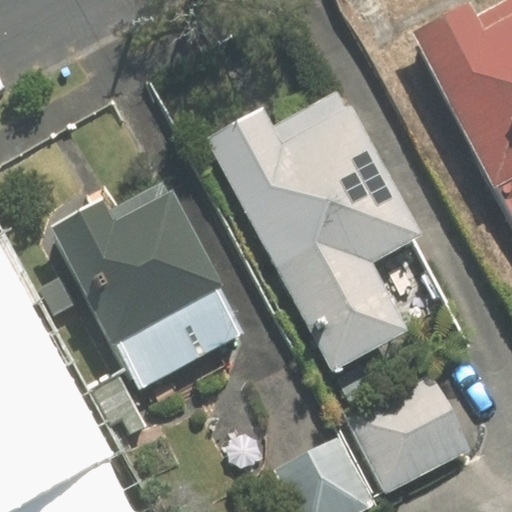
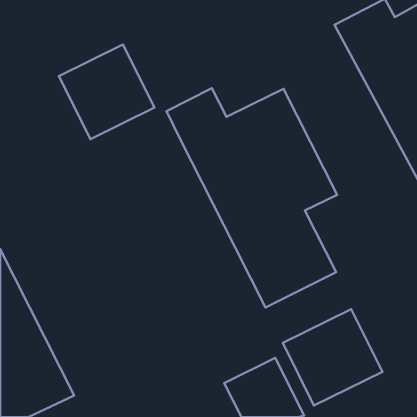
building: none -> [59,44,154,139]
building: [57,189,242,387] -> none

